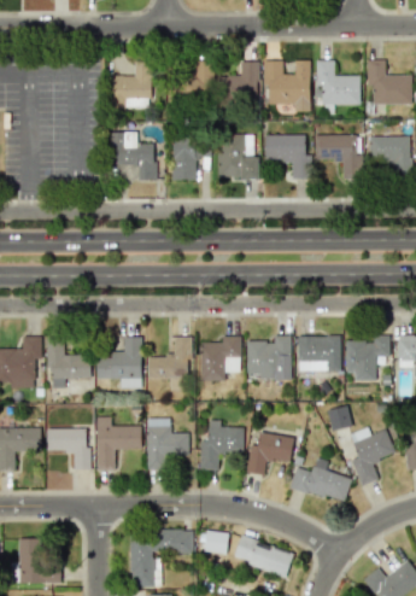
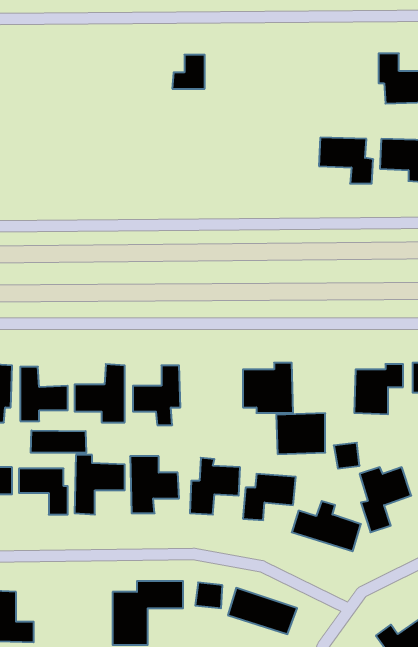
building: [111,60,151,109] -> none
building: [265,60,310,112] -> none
building: [315,60,359,106] -> none
building: [223,62,259,100] -> none
building: [109,133,156,180] -> none
building: [217,135,259,179] -> none
building: [264,135,310,179] -> none
building: [171,136,211,180] -> none
building: [297,335,340,372] -> [276,413,325,454]
building: [199,338,241,381] -> none
building: none -> [31,430,86,453]

